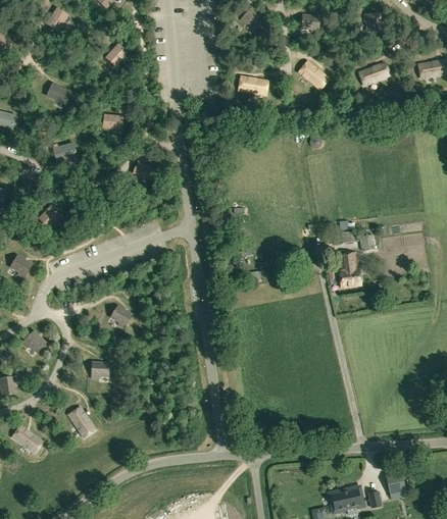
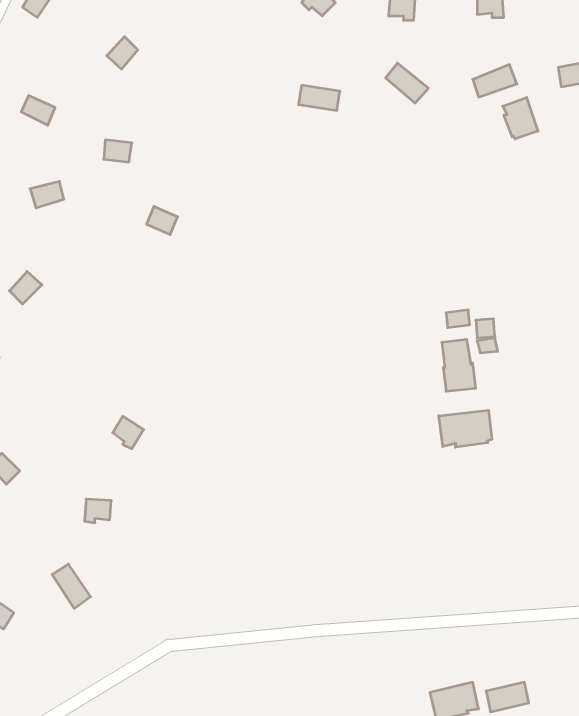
building: none -> [503,97,538,139]
building: none -> [439,410,492,447]

